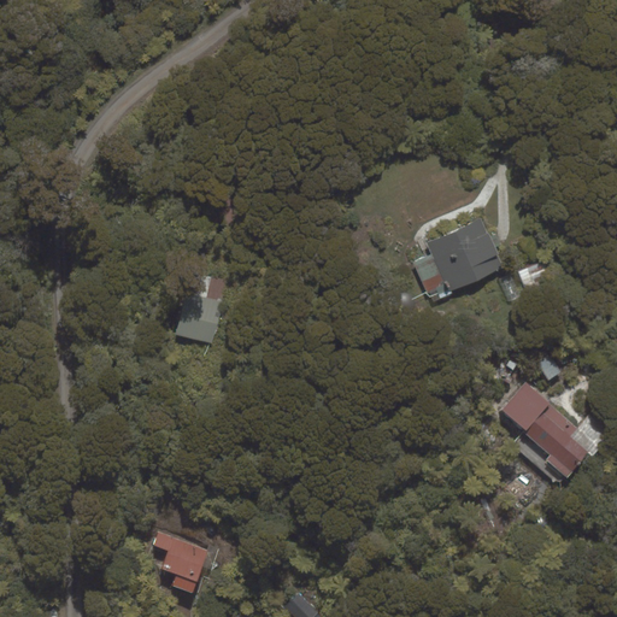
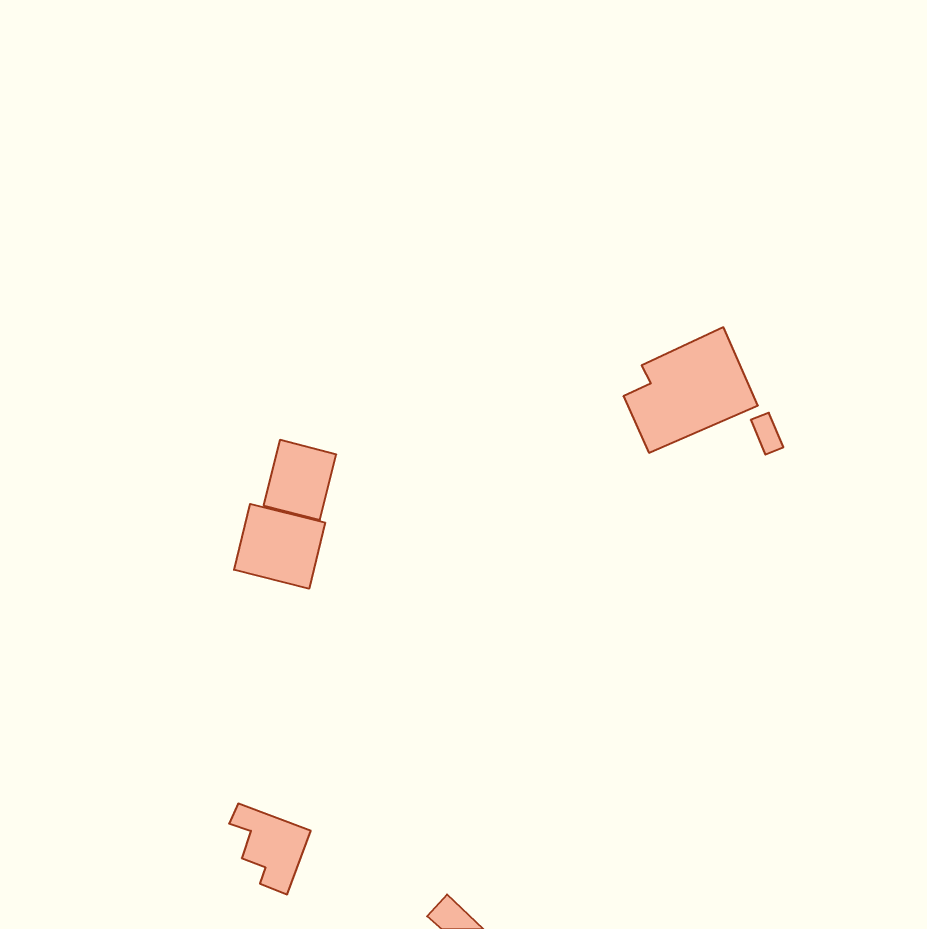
building: none -> [234,504,325,589]
building: [499,381,588,477] -> none

